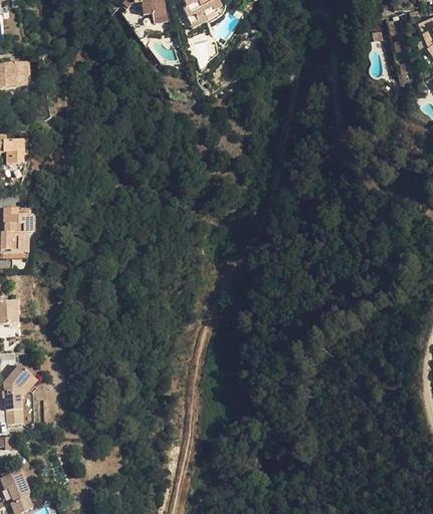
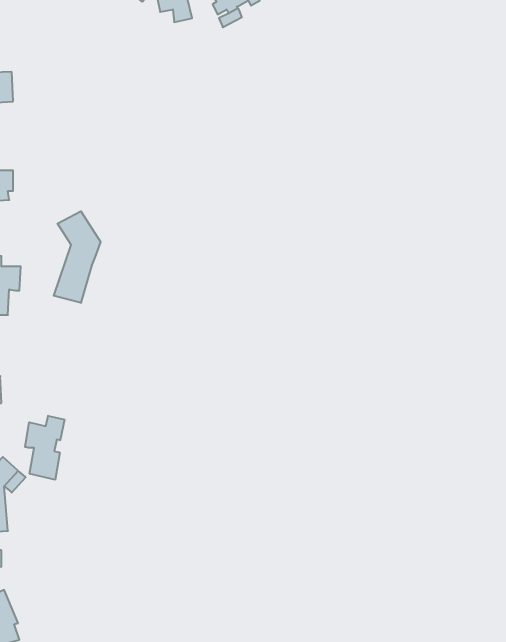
building: none -> [54,211,101,303]
building: none -> [25,416,65,480]

